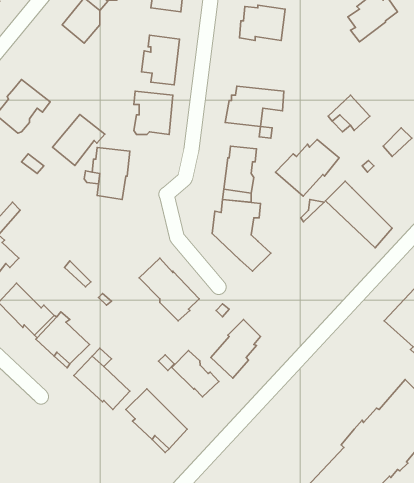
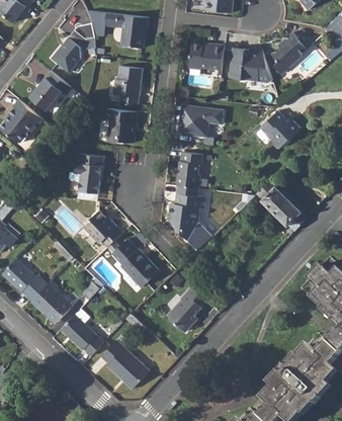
building: none -> [232,54,275,89]
building: [53,115,105,165] -> [30,70,71,109]
building: [276,140,339,196] -> none
building: none -> [84,209,122,247]
building: [172,350,219,397] -> none

